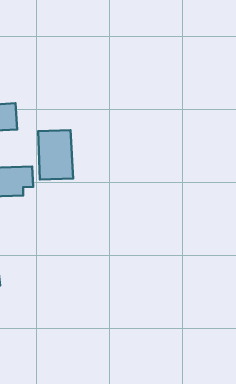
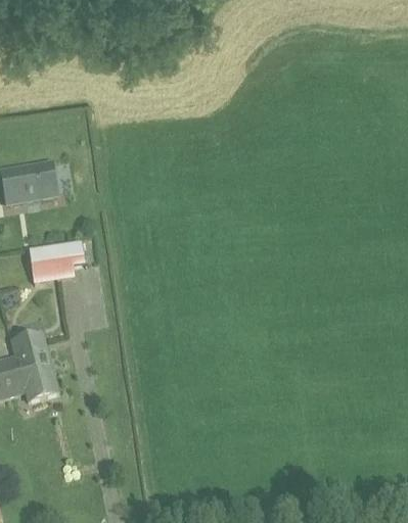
building: [38,130,73,179] -> none

